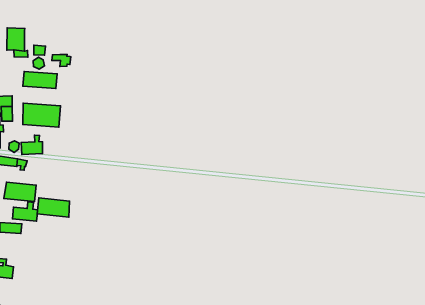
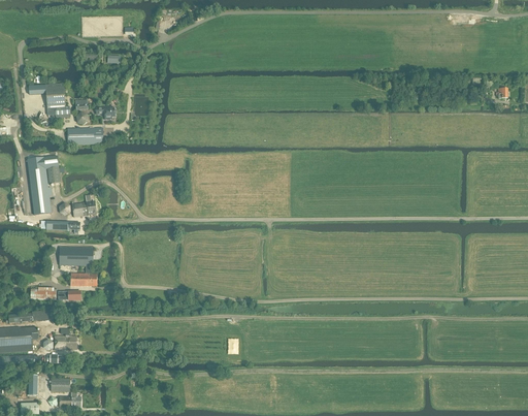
building: [23,103,60,127] -> none
building: [37,198,69,217] -> none

